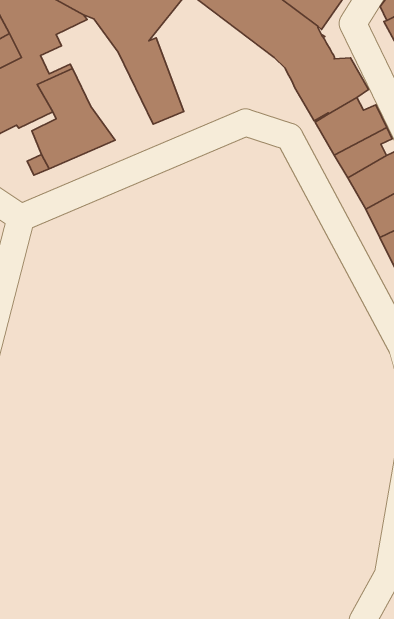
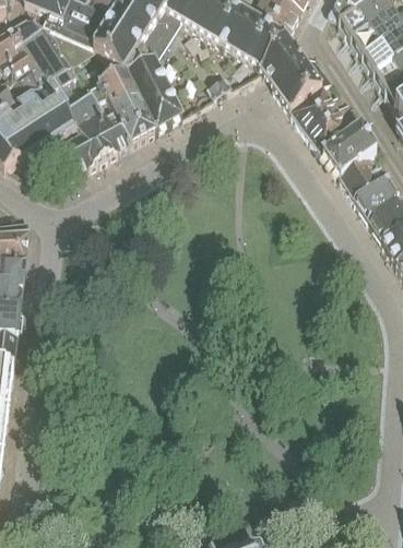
building: none -> [87,69,154,140]

